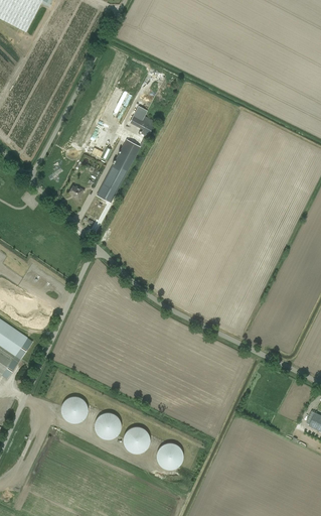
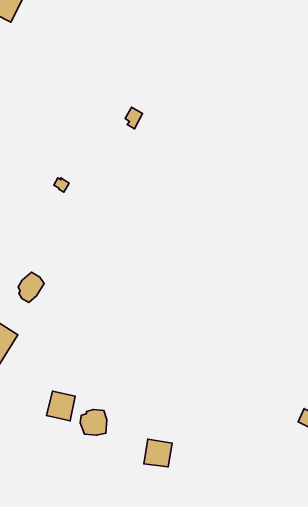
building: [96,140,139,203] -> none
building: none -> [18,272,44,302]
building: [123,425,150,455] -> none

